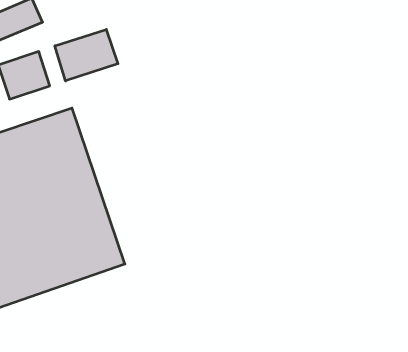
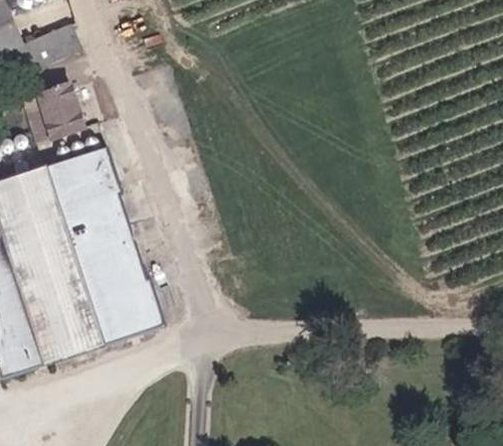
building: [55,29,118,81] -> none

